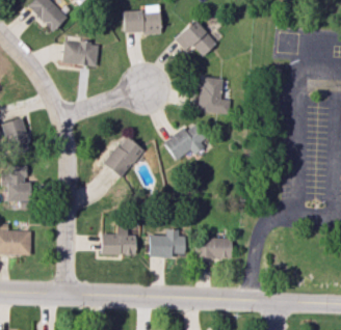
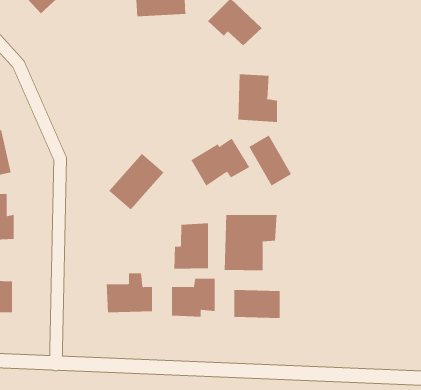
building: [63,42,99,65] -> none
building: none -> [249,134,292,186]
building: none -> [224,214,277,271]
building: none -> [174,222,208,270]

